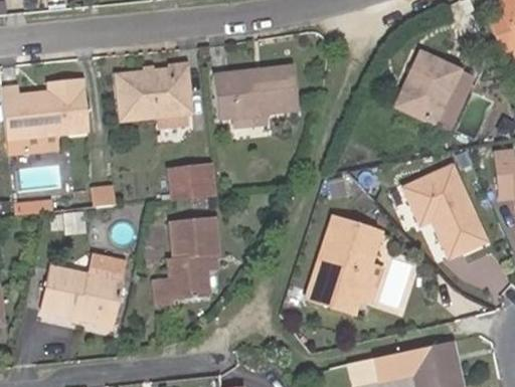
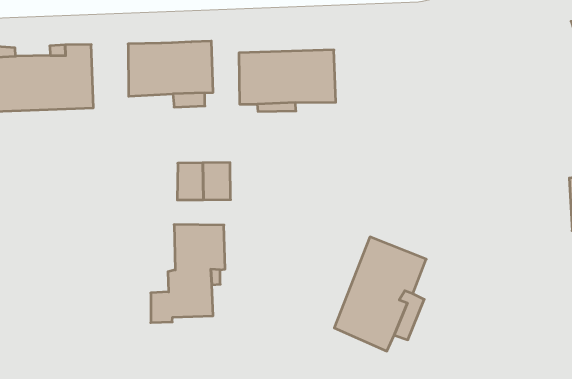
building: [396,56,462,129] -> none
building: [405,167,487,258] -> none
building: [38,261,121,319] -> none

